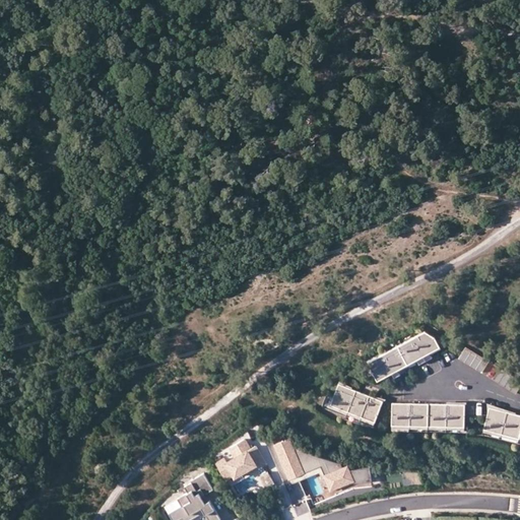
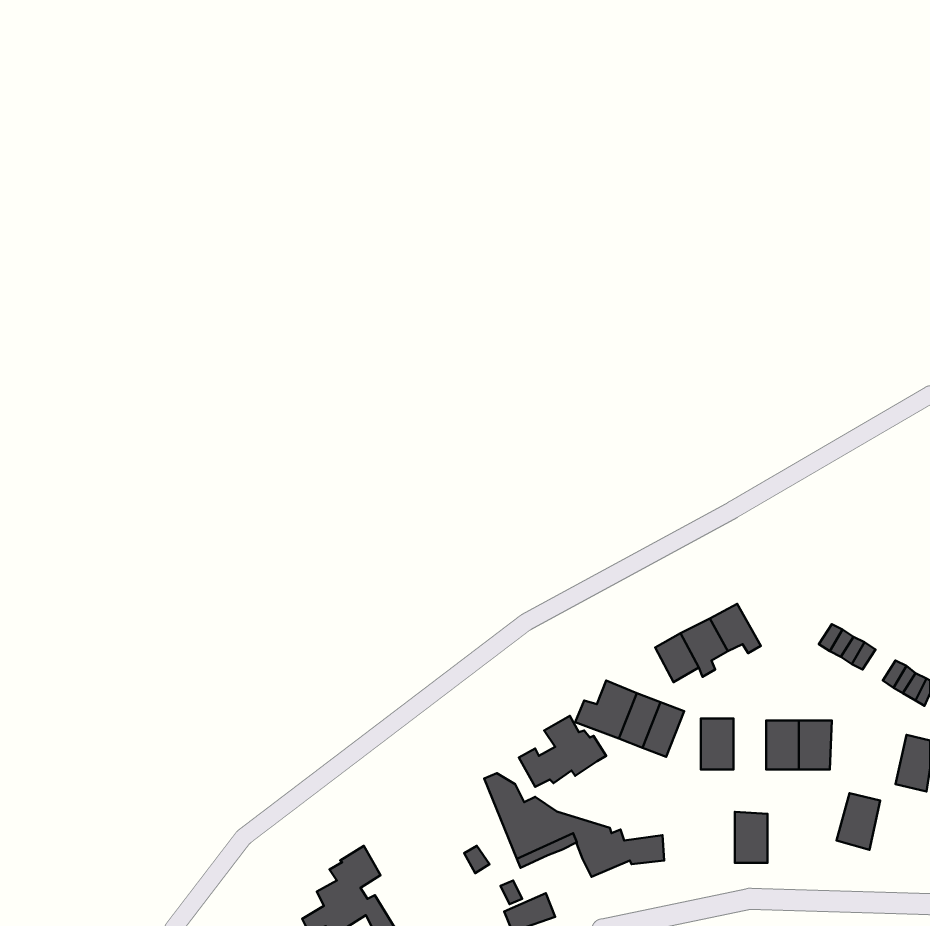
building: [411,332,439,363] -> none
building: [409,403,428,432] -> [735,812,768,863]
building: [481,408,506,440] -> [837,793,880,850]
building: [216,440,265,479] -> [519,716,606,787]

